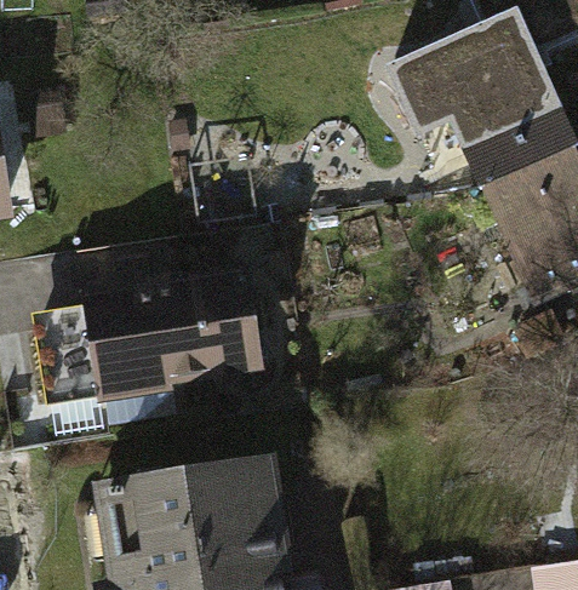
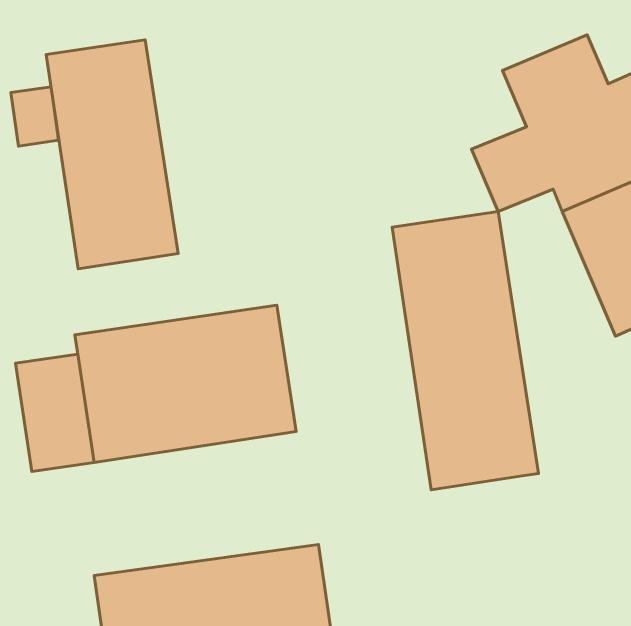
building: none -> [46,40,178,269]
building: none -> [392,212,538,490]

